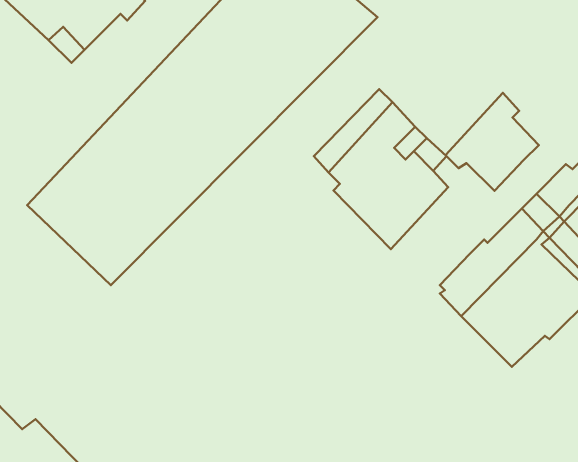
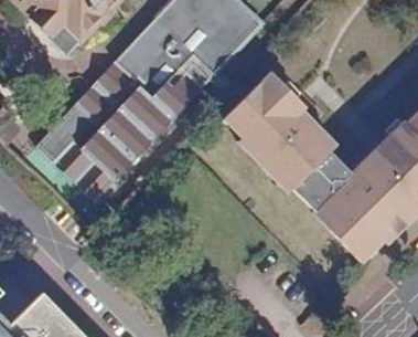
building: [445,93,539,191] -> [281,137,344,203]

